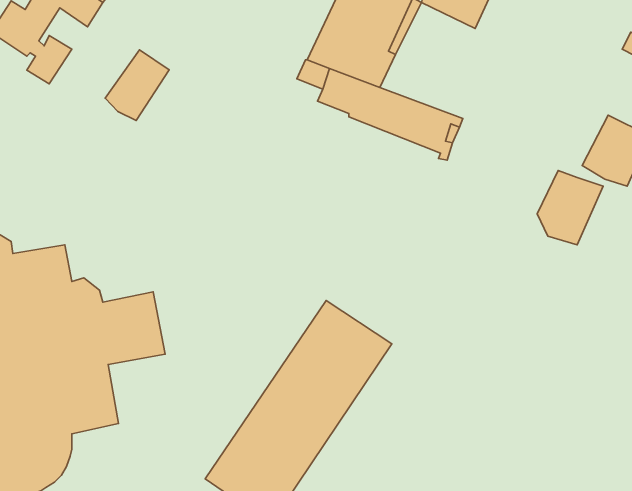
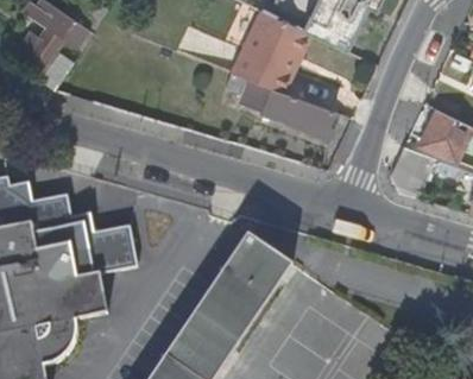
building: [105,50,169,121] -> none

